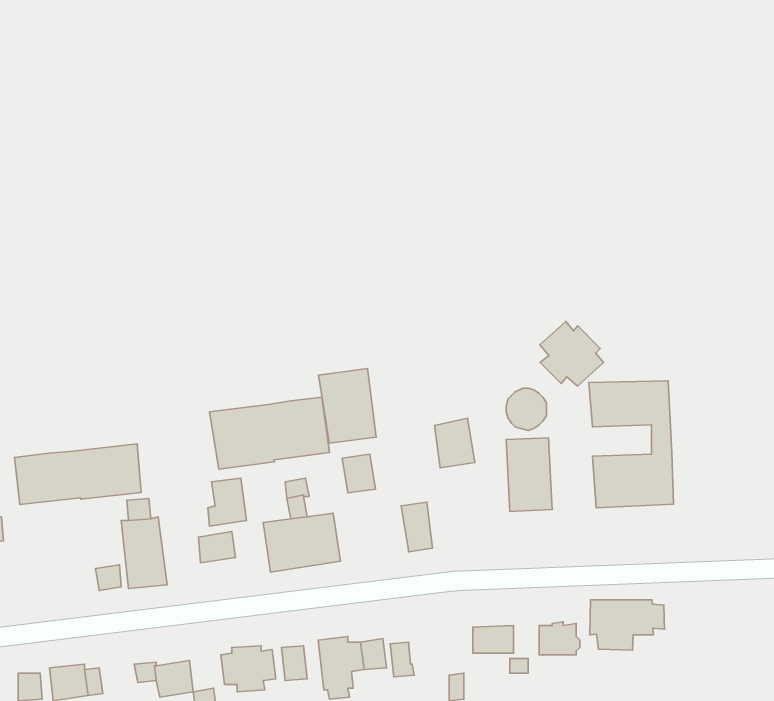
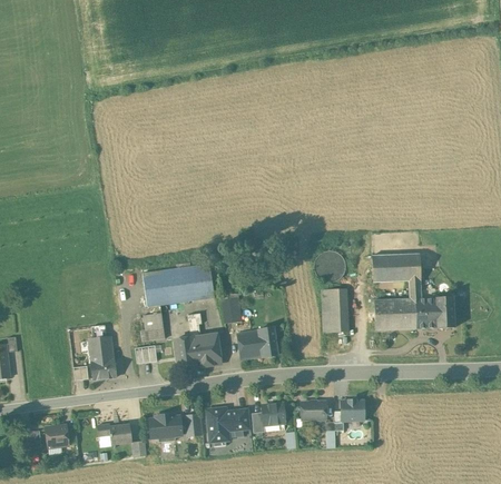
building: [540,321,604,386] -> none
building: [319,369,376,443] -> none
building: [434,418,475,468] -> [237,329,262,359]
building: [15,444,141,504] -> none
building: none -> [421,296,454,328]
building: [590,600,664,650] -> none
building: none -> [262,403,286,425]

